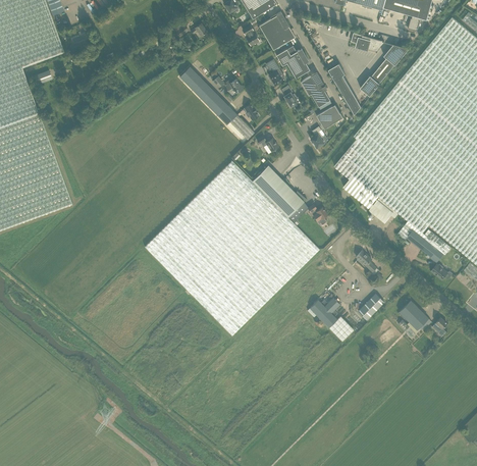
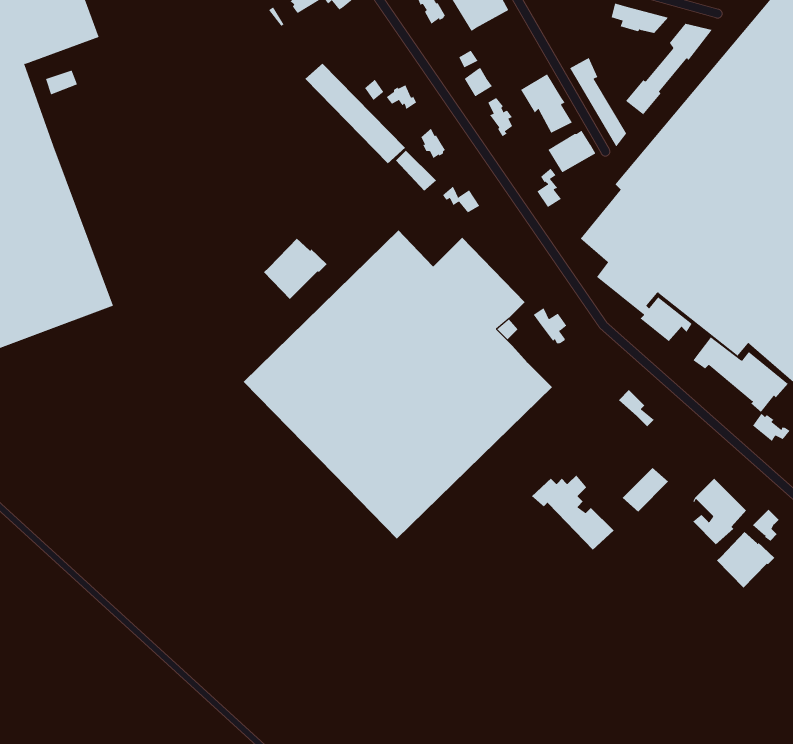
building: [276,48,310,77] -> none
building: none -> [263,238,327,300]
building: none -> [716,531,775,588]

